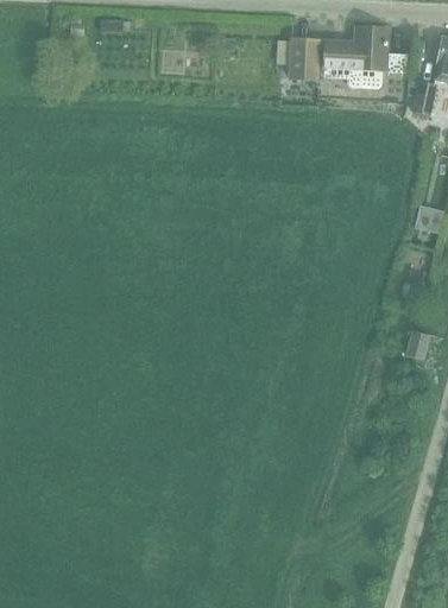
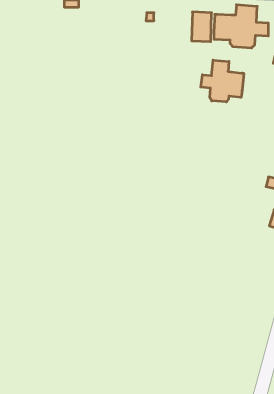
building: none -> [201,60,244,102]

